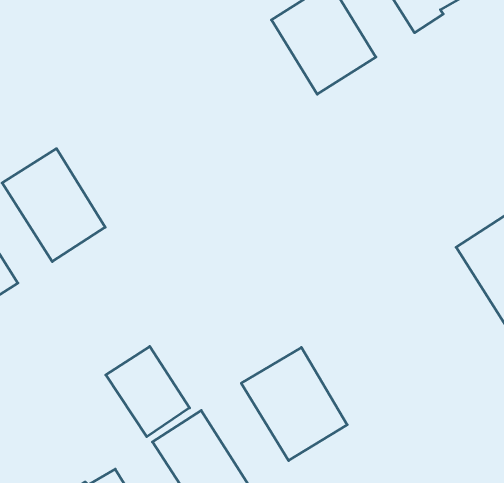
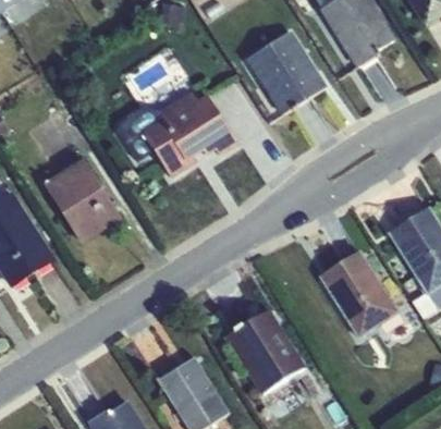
building: none -> [119,91,236,177]
building: none -> [319,249,399,338]
building: [106,346,190,437] -> none

